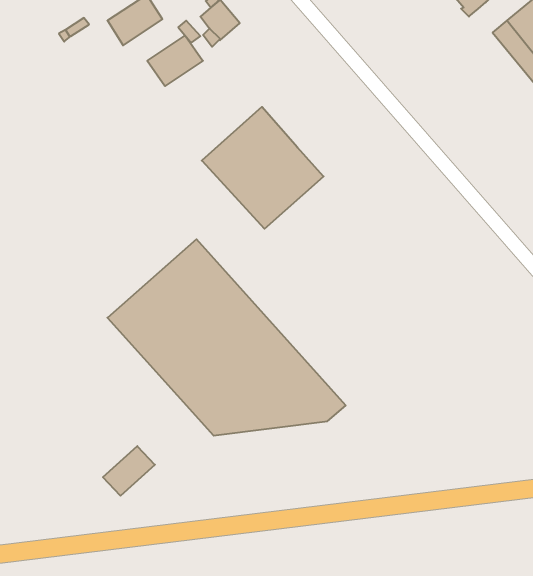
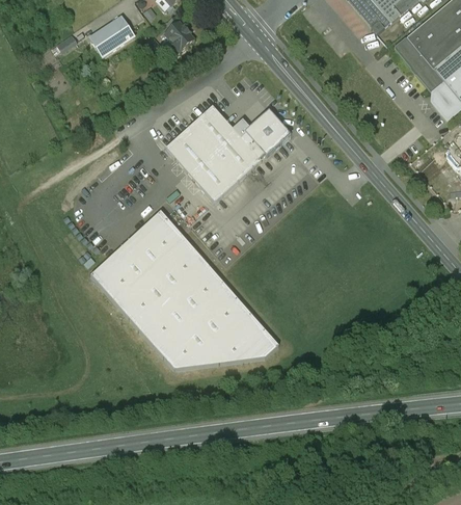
building: [147,36,203,86] -> none
building: none -> [241,110,291,159]
building: [103,446,155,496] -> none

